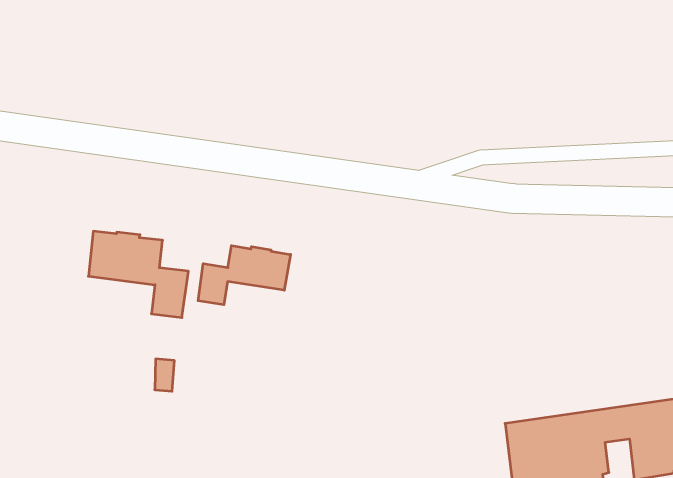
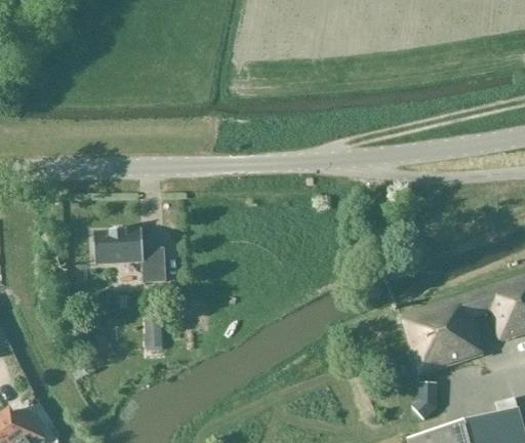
building: [198,246,291,305] -> none

